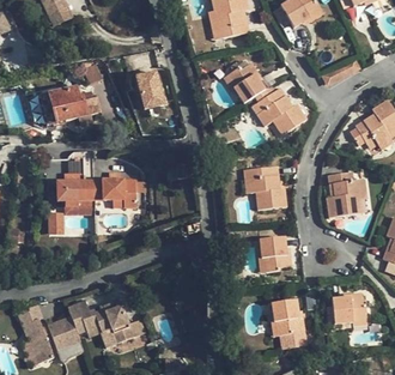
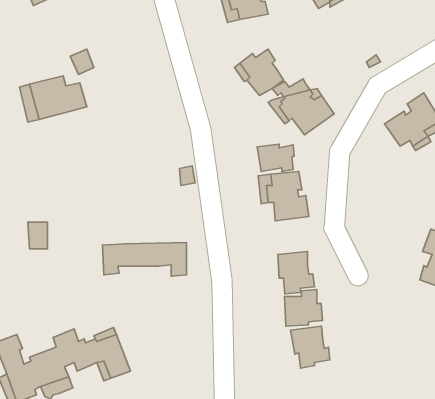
building: [133,72,162,110] -> none
building: none -> [257,144,294,172]
building: [323,171,360,219] -> none
building: [65,180,136,208] -> [102,242,187,276]
building: [333,292,365,323] -> [284,290,322,326]

